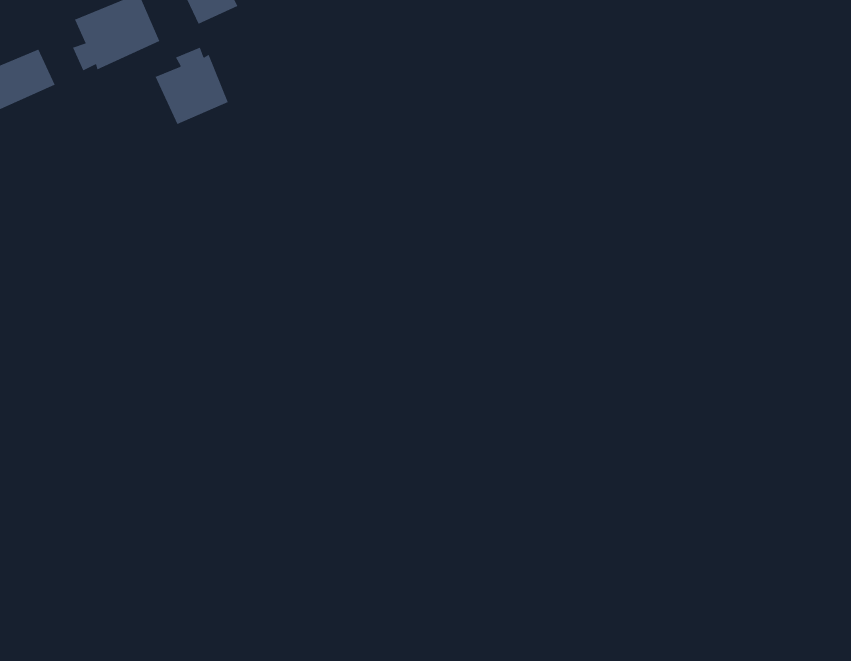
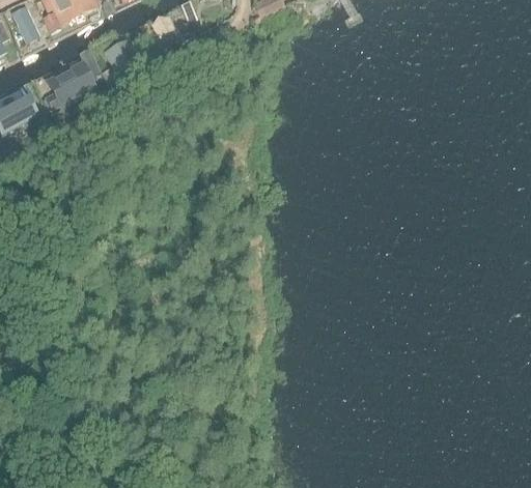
building: [155,47,229,125] -> none

